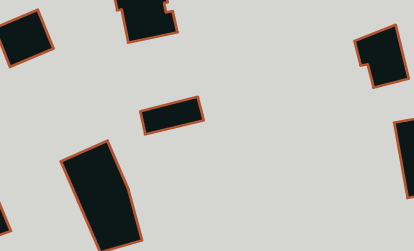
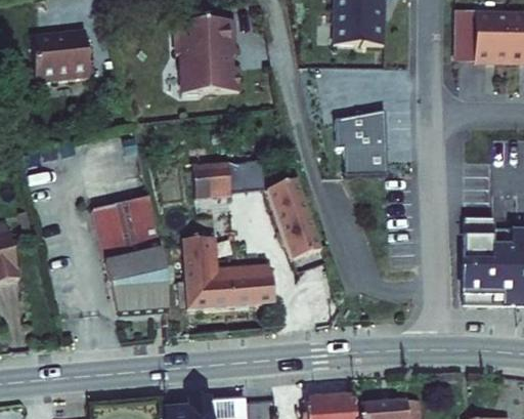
building: [354,25,409,88] -> [341,122,395,188]
building: none -> [260,173,316,253]
building: none -> [179,236,274,304]

